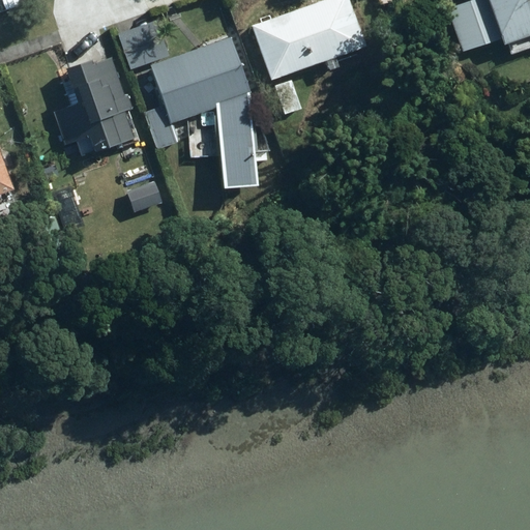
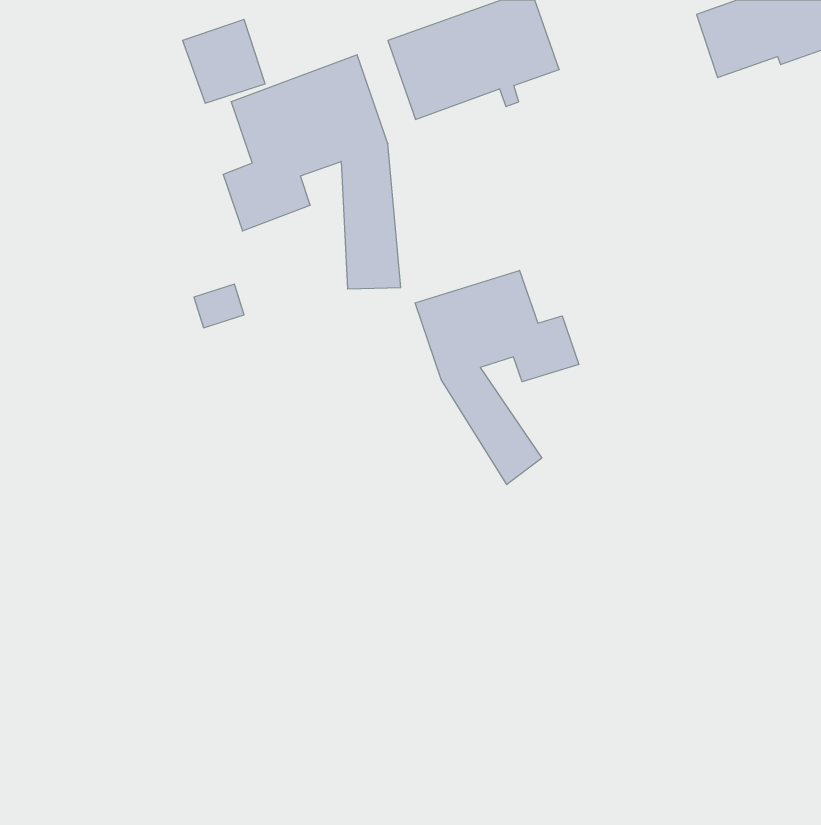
building: [54,58,132,151] -> none
building: none -> [415,270,579,485]

